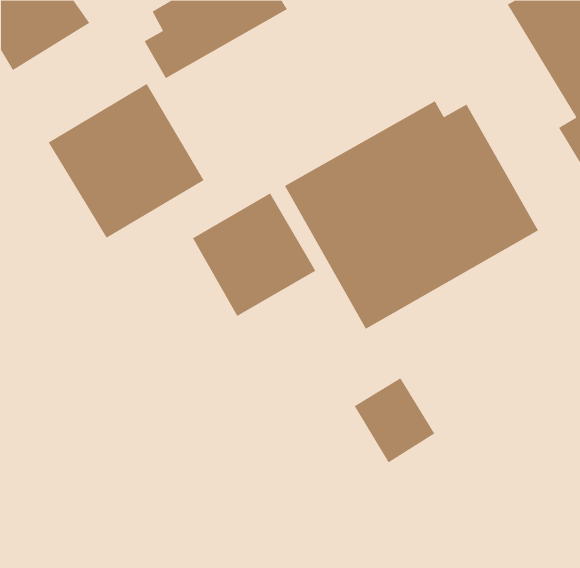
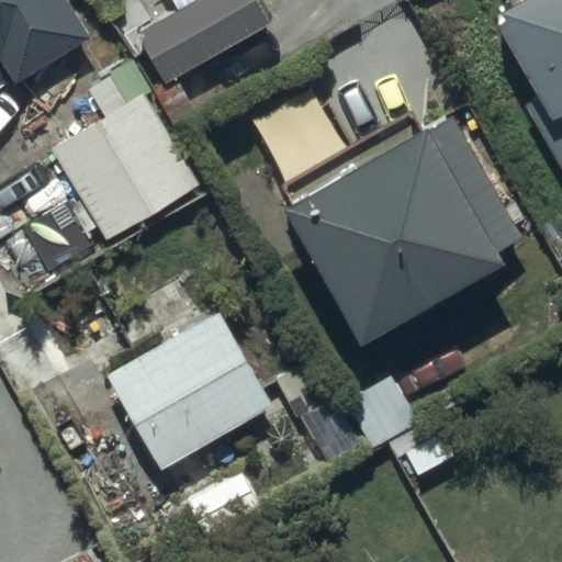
building: [192,193,316,317] -> none
building: none -> [104,289,272,471]

